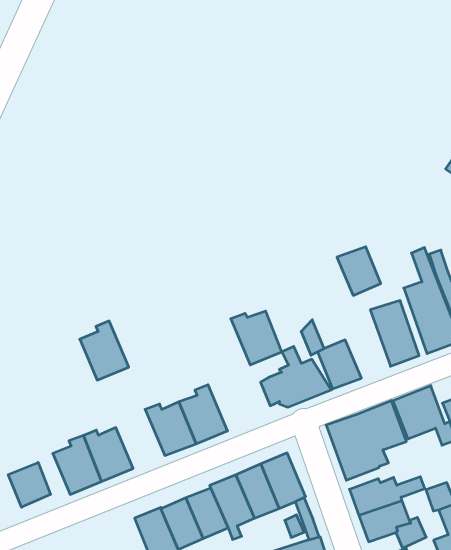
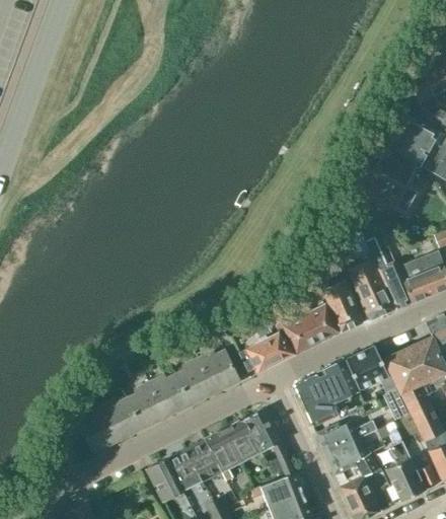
building: [337,247,381,295] -> [304,304,341,344]
building: [231,311,282,365] -> [198,350,240,393]
building: [80,321,129,380] -> [127,381,167,429]
building: [8,462,51,507] -> none

